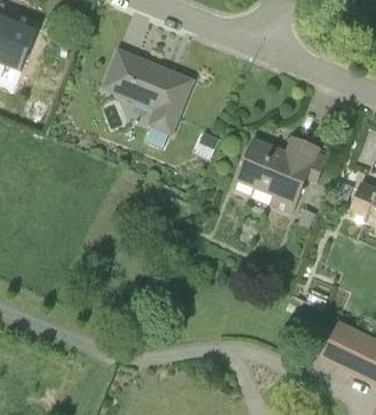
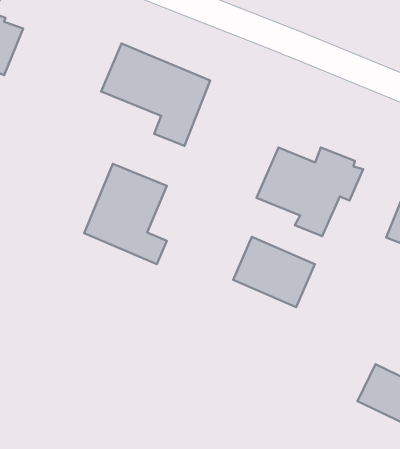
building: none -> [84,164,167,264]
building: none -> [233,237,315,307]

